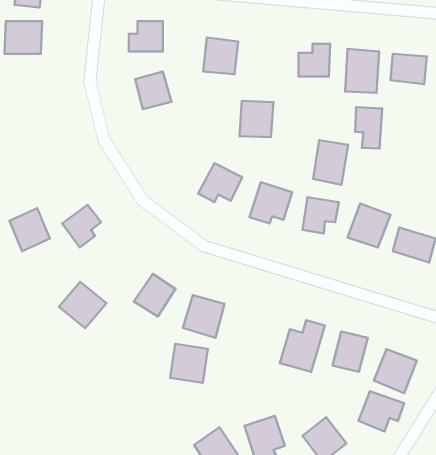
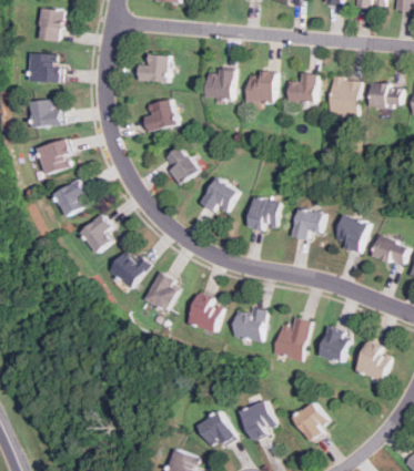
building: none -> [29,96,62,129]
building: [239,101,273,137] -> [245,70,275,102]
building: [355,107,382,148] -> none
building: none -> [36,137,72,175]
building: none -> [160,146,196,185]
building: [313,140,348,185] -> none
building: [10,208,50,251] -> [53,180,89,217]
building: [59,282,107,328] -> [105,249,148,290]
building: [170,344,208,383] -> [231,308,264,342]
building: [358,391,404,431] -> none

